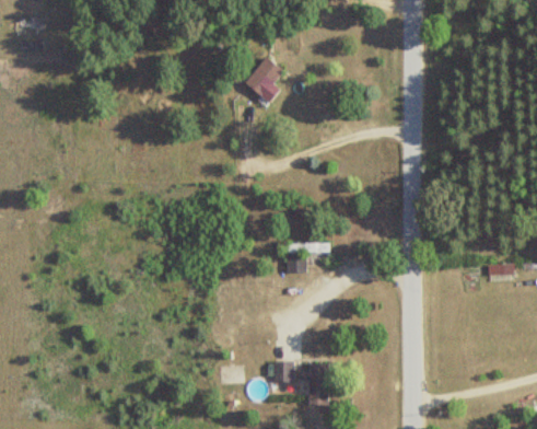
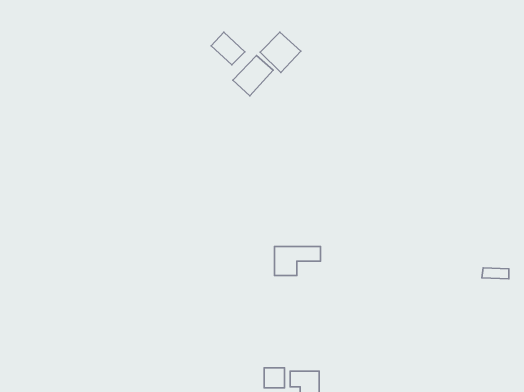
building: none -> [211,32,245,65]
building: none -> [260,32,301,72]

